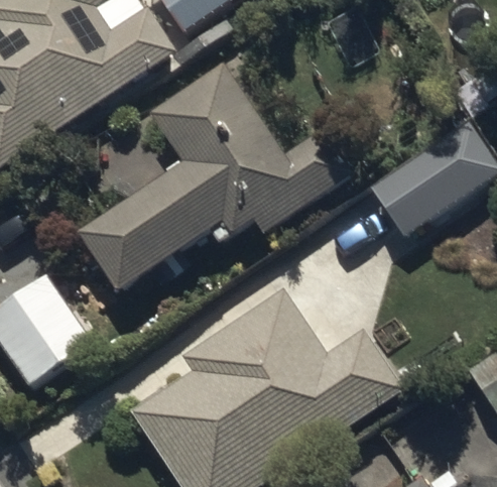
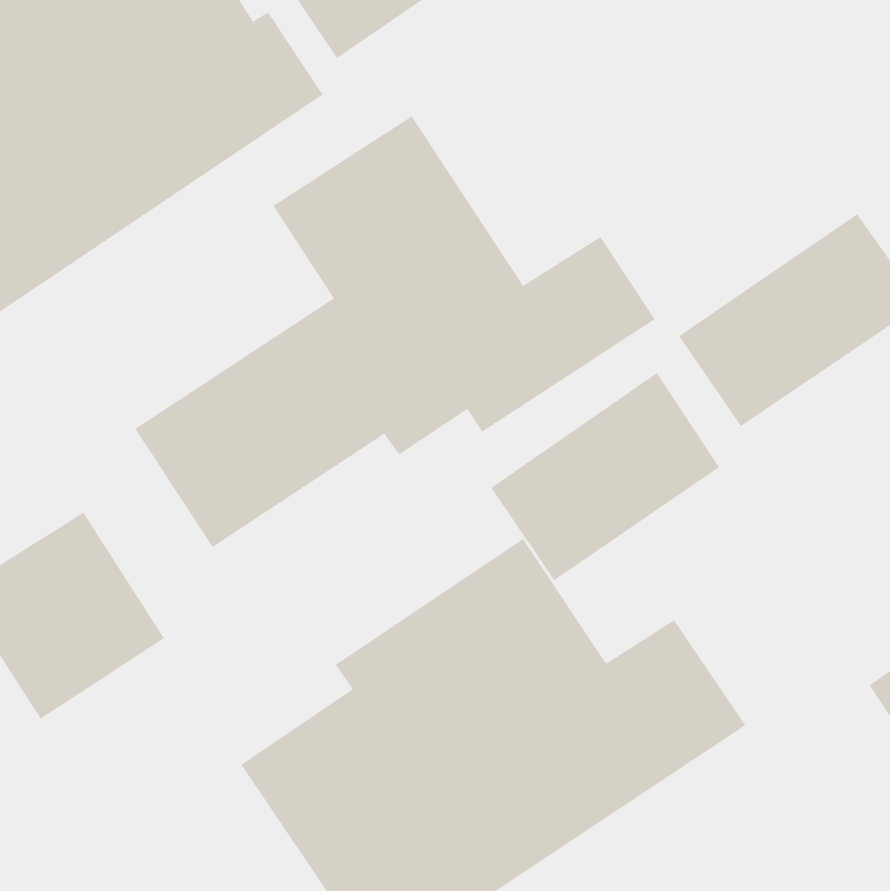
building: none -> [490,372,720,581]

